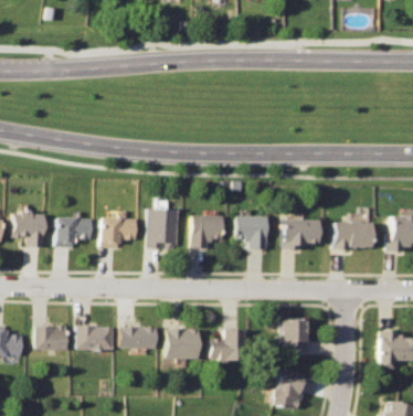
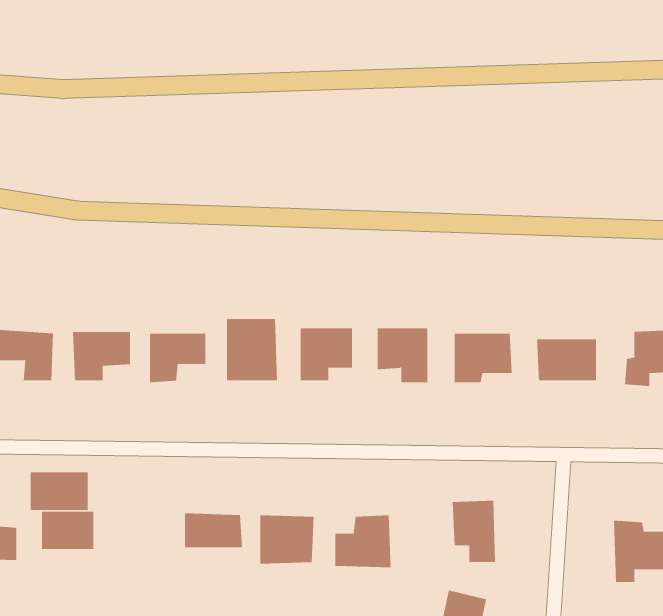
building: [78,327,114,350] -> [30,472,89,510]

